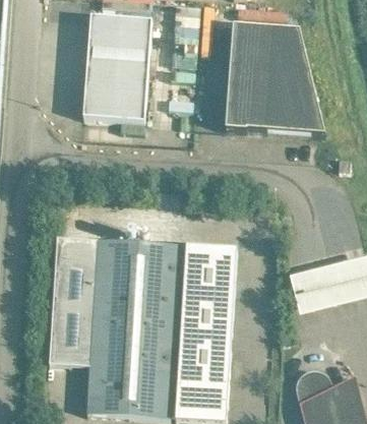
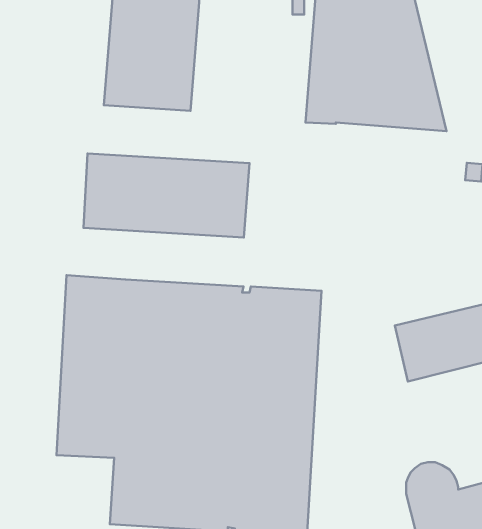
building: none -> [83,153,249,237]

